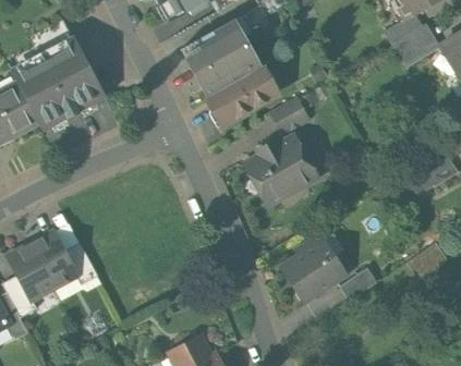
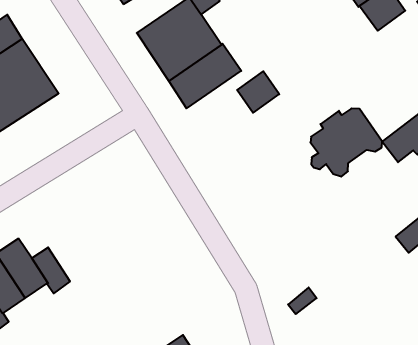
building: [247,138,316,202] -> [310,108,382,177]
building: [283,242,345,298] -> none
building: [340,266,377,298] -> none

